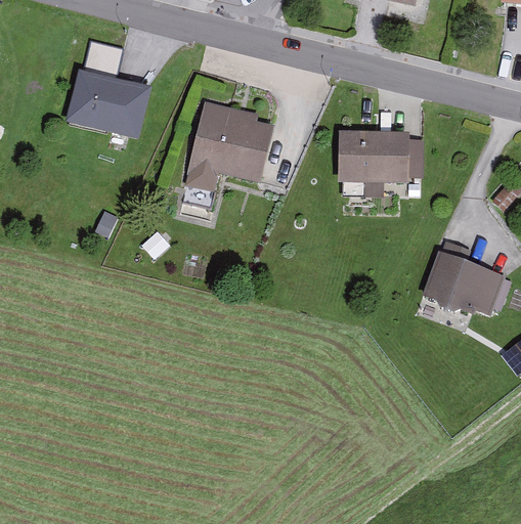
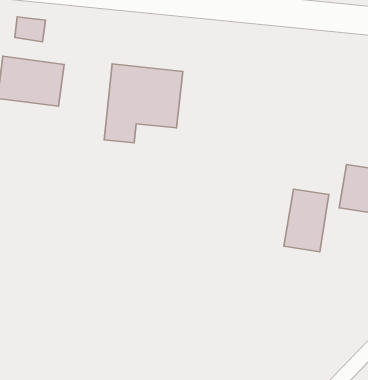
building: [340,130,407,178] -> none
building: none -> [284,189,329,252]

